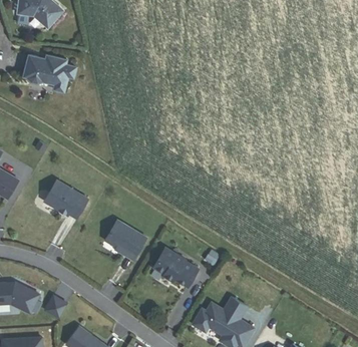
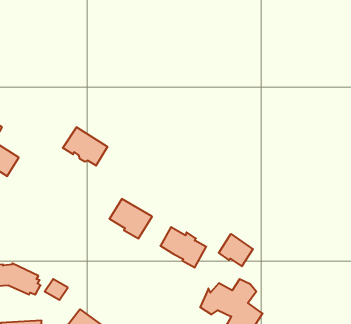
building: [23,54,75,91] -> none
building: [45,181,88,218] -> [63,127,108,166]
building: none -> [219,234,253,266]

